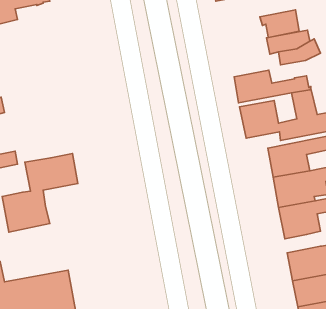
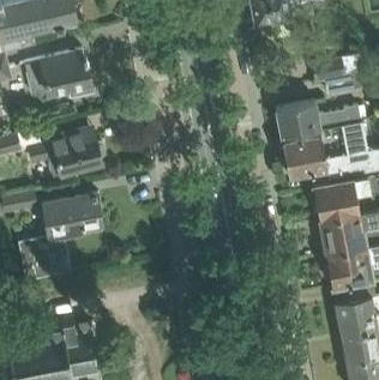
building: [260,10,299,38] -> none
building: none -> [24,49,94,98]
building: none -> [29,129,104,177]

